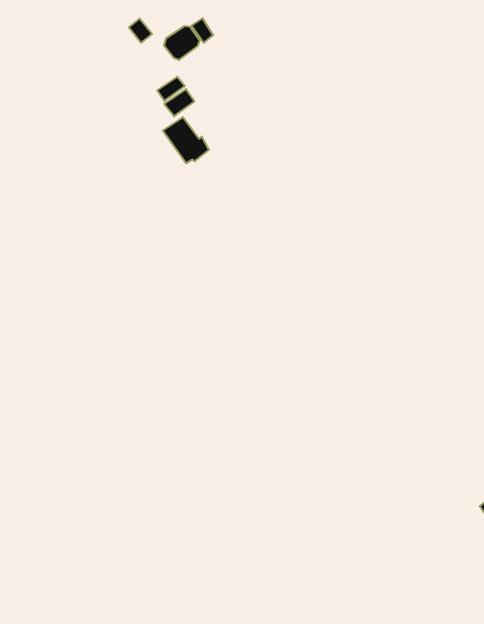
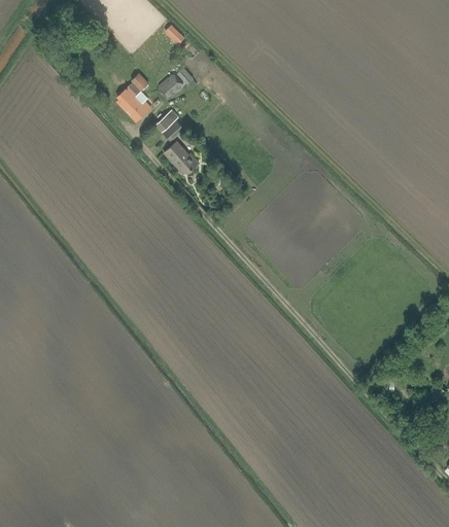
building: none -> [116,85,152,122]

